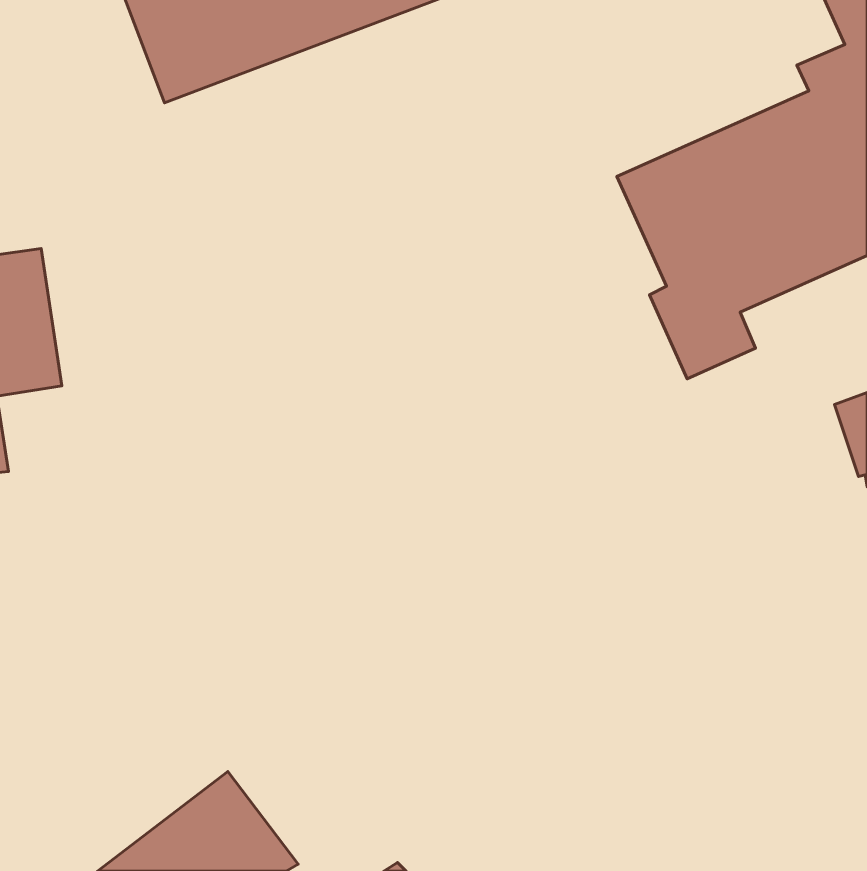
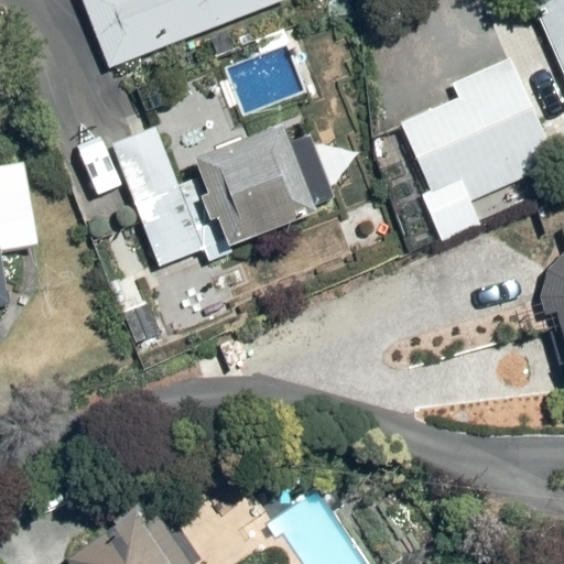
building: none -> [111,123,322,269]

